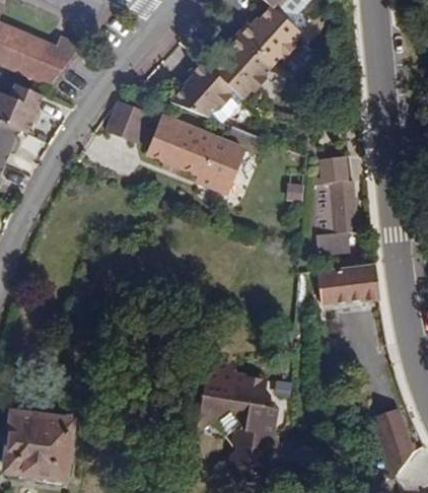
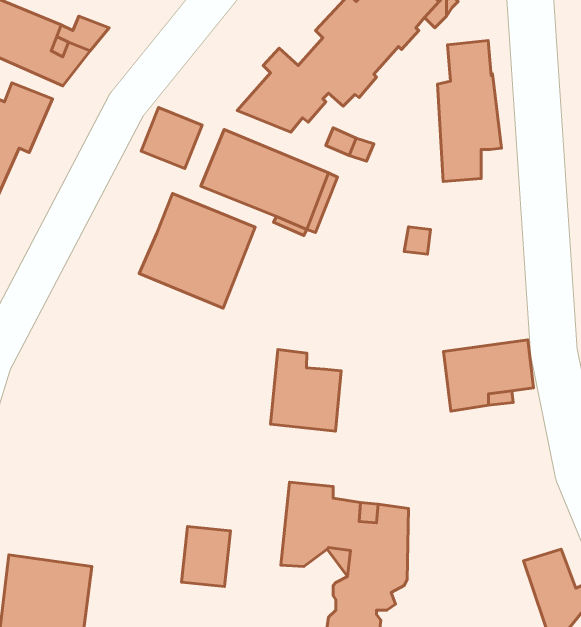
building: [312,155,357,254] -> [437,41,501,181]
building: none -> [139,193,255,308]
building: none -> [271,350,341,431]
building: none -> [182,526,231,587]

